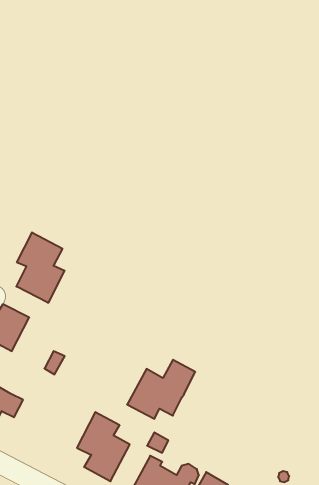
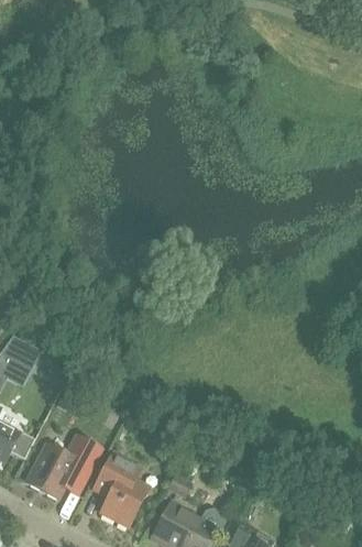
building: [16,232,65,303] -> none
building: [127,360,195,419] -> [28,435,101,499]

